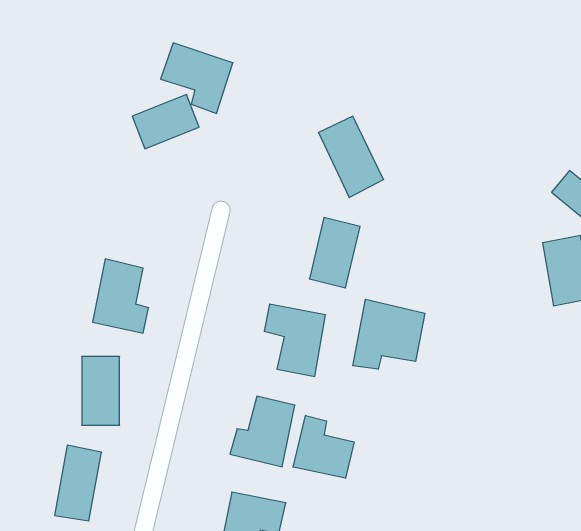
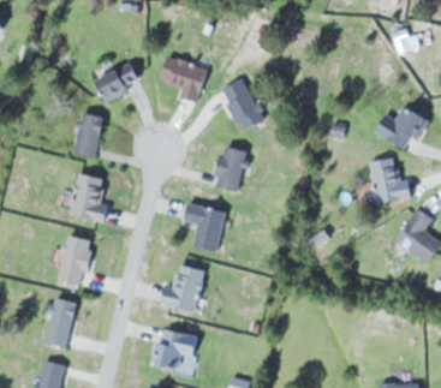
building: [161,43,233,113] -> [160,55,208,102]
building: none -> [72,112,103,159]
building: [353,299,425,369] -> none
building: [293,415,354,478] -> none

